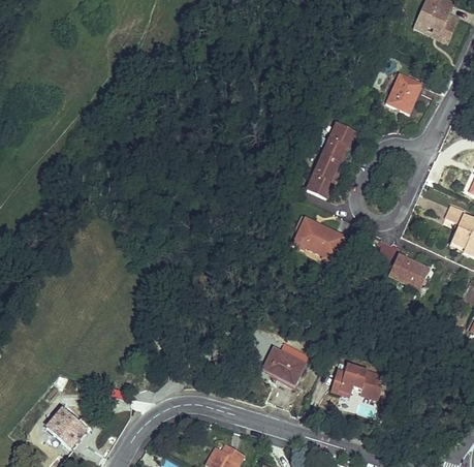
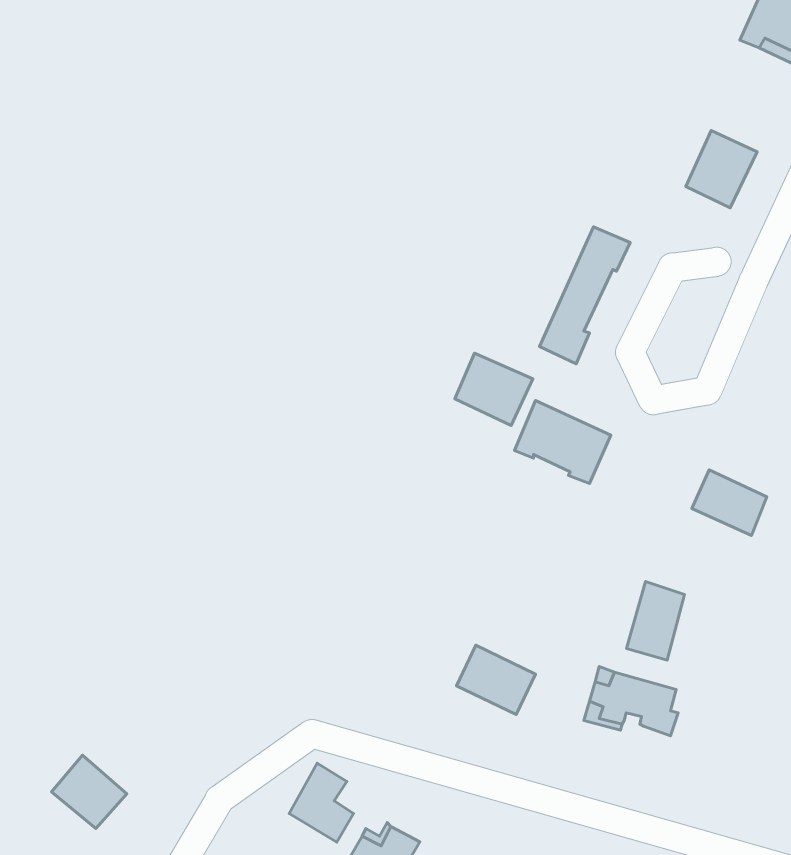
building: none -> [455,353,533,426]
building: none -> [627,581,685,660]
building: none -> [289,763,354,842]

